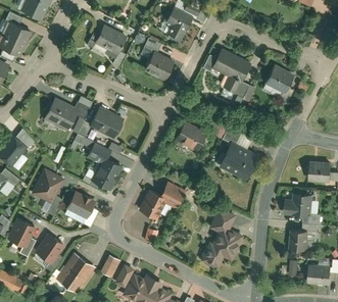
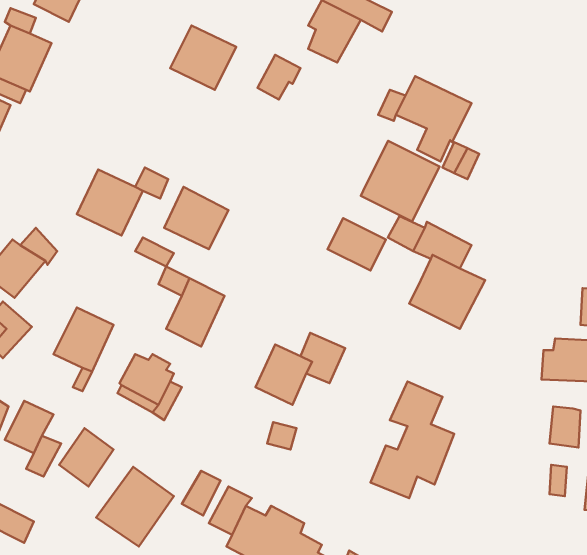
building: [143,53,175,84] -> none
building: [263,67,293,96] -> none
building: none -> [361,141,440,221]

